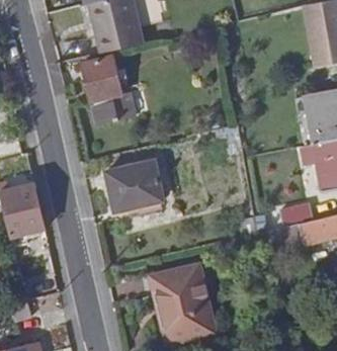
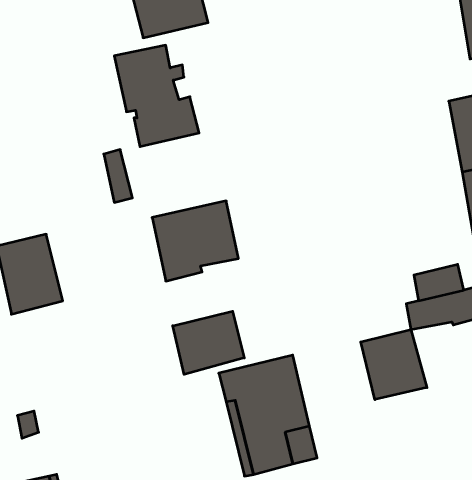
building: none -> [173,311,244,374]
building: none -> [361,329,427,400]

